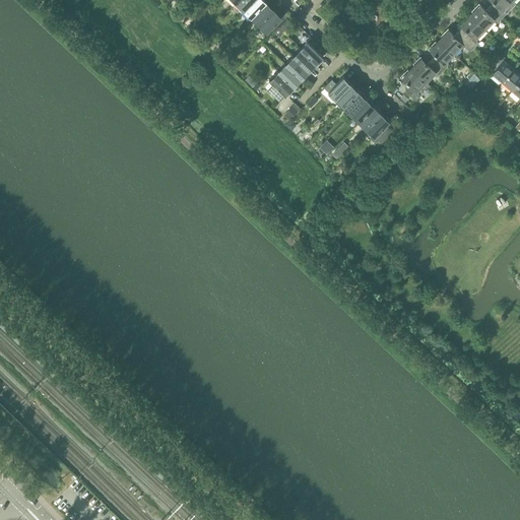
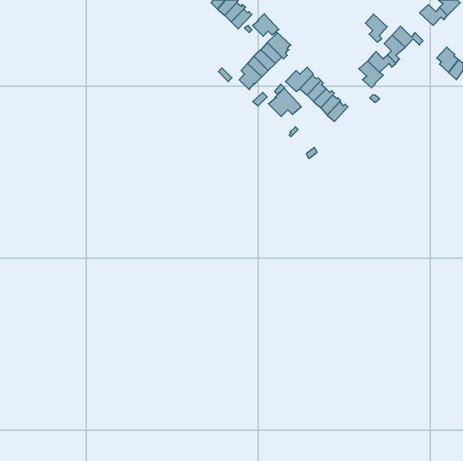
building: [461,16,485,48] -> [365,14,387,42]
building: none -> [253,14,279,36]
building: none -> [268,88,301,117]

